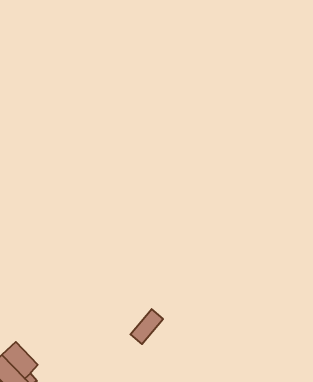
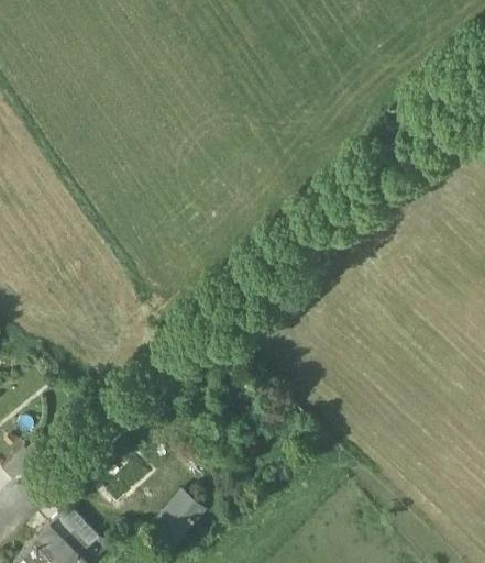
building: [130,309,163,344] -> [158,496,202,543]

